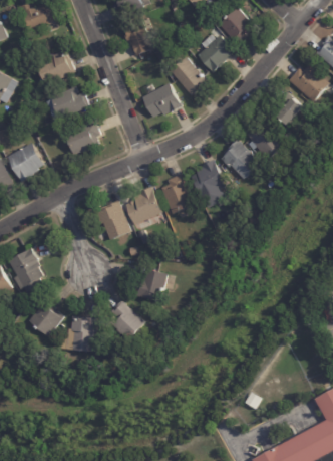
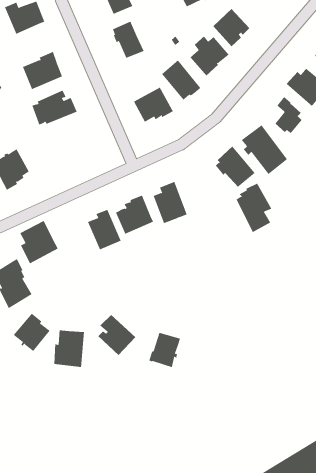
building: [63,120,98,156] -> none
building: [191,160,226,208] -> [236,183,272,233]
building: none -> [20,220,59,264]
building: [134,269,165,303] -> [149,332,181,368]

